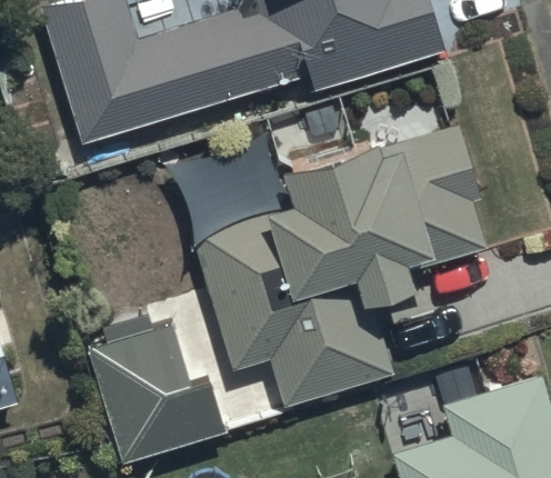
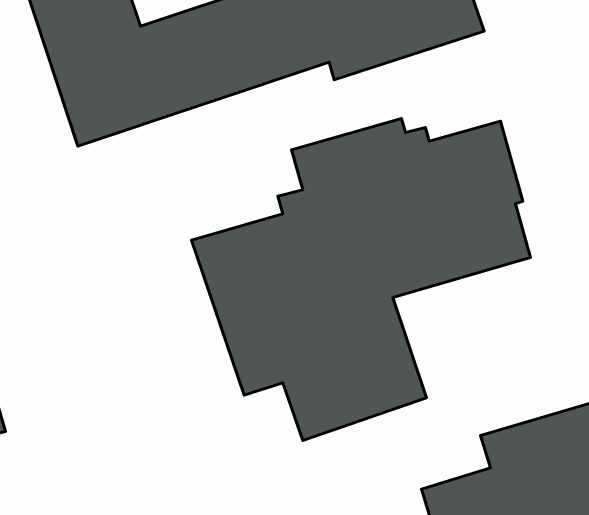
building: [83,311,227,459] -> none

